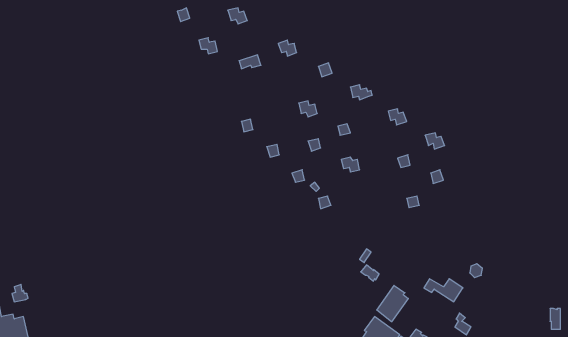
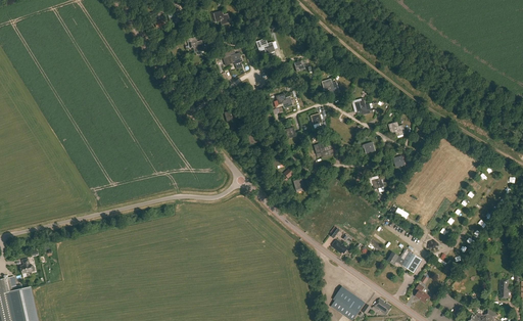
building: [377,285,408,322] -> none

